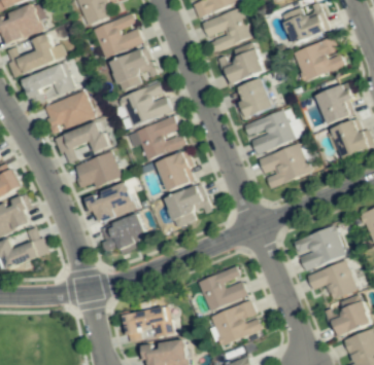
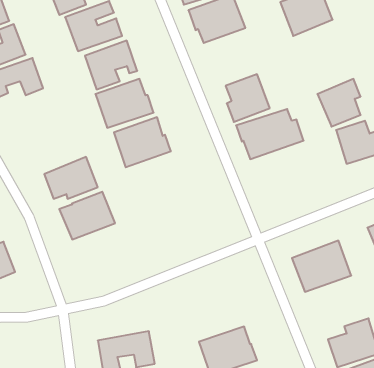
building: [293,37,345,81] -> none
building: [218,42,264,84] -> none
building: [43,90,95,133] -> none
building: [56,121,108,165] -> none
building: [259,143,311,188] -> none
building: [156,150,197,192] -> none
building: [165,184,213,228] -> none
building: [99,213,145,254] -> none
building: [307,260,358,299] -> none
building: [198,265,248,312] -> none

